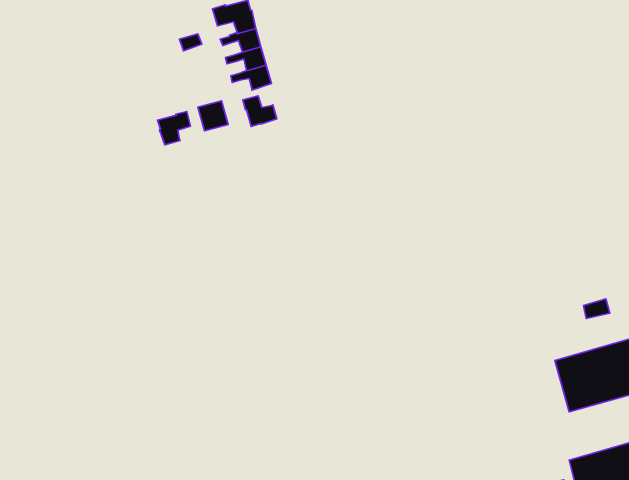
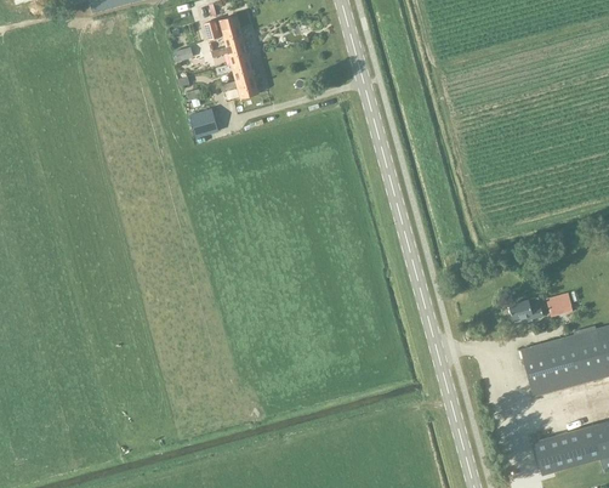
building: [243,96,277,126] -> none
building: [158,111,191,145] -> none
building: none -> [508,297,543,320]

